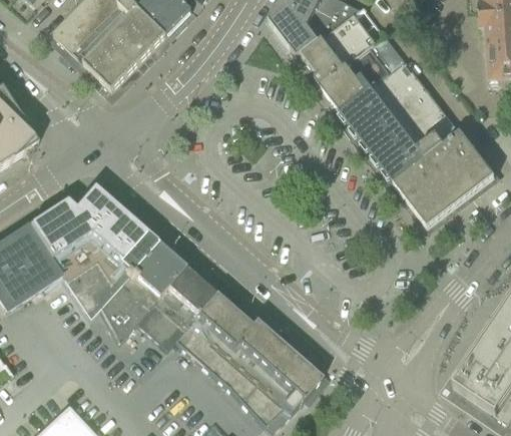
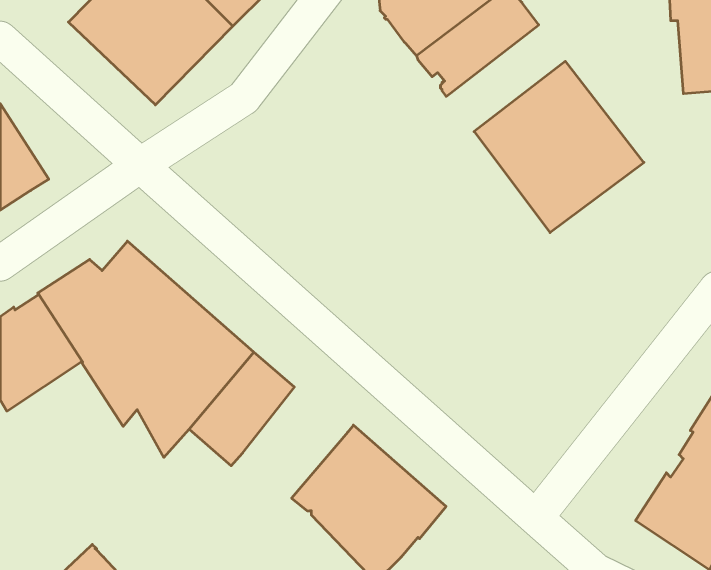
building: [321,34,406,110] -> none
building: [395,132,495,228] -> none
building: [175,293,250,372] -> none

